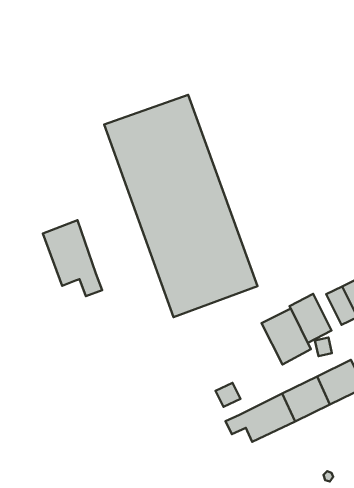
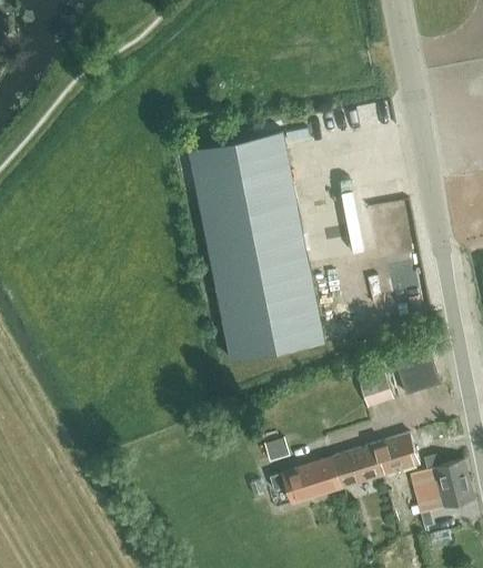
building: [43,220,102,296] -> none
building: [261,309,311,365] -> none

